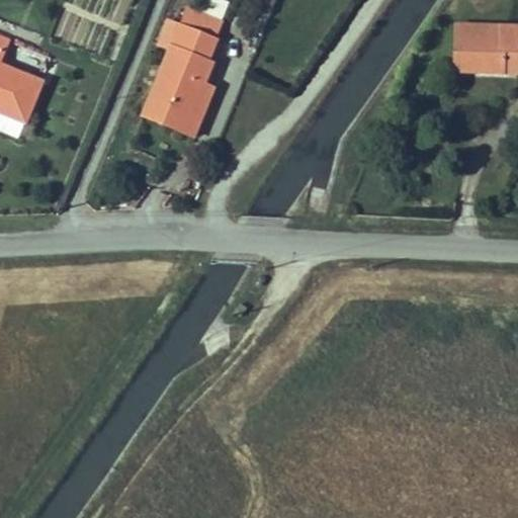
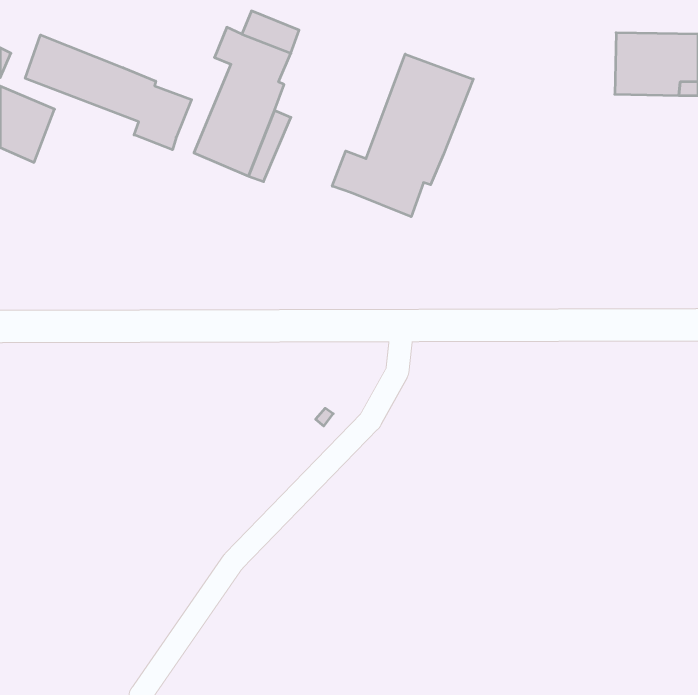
building: none -> [25,35,192,150]
building: none -> [332,54,473,217]

